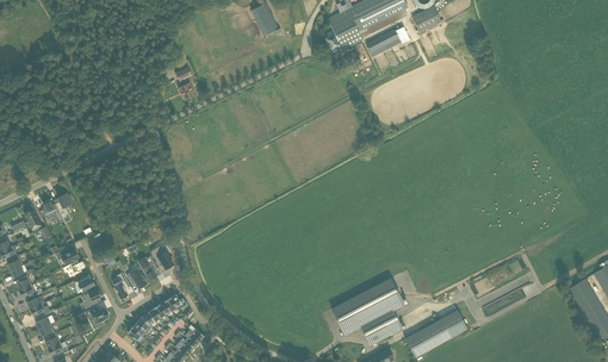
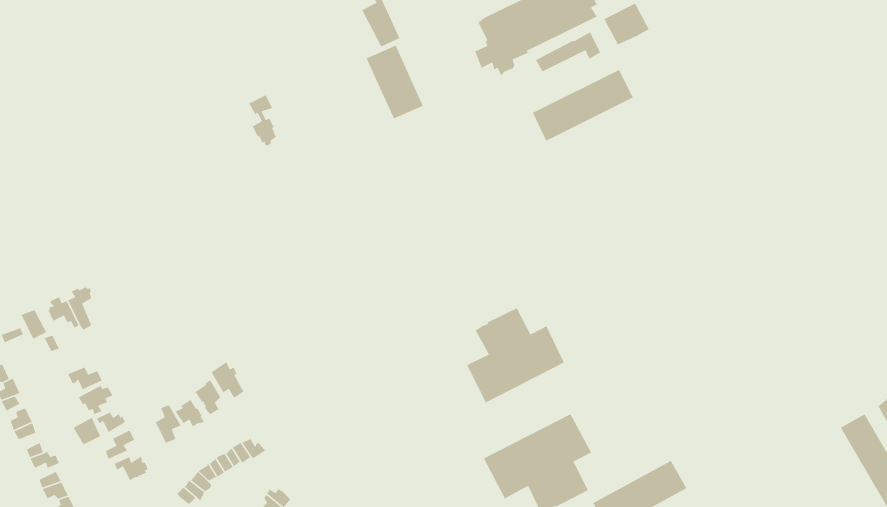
building: none -> [365,45,424,120]
building: none -> [532,69,634,142]
building: none -> [466,307,565,403]

